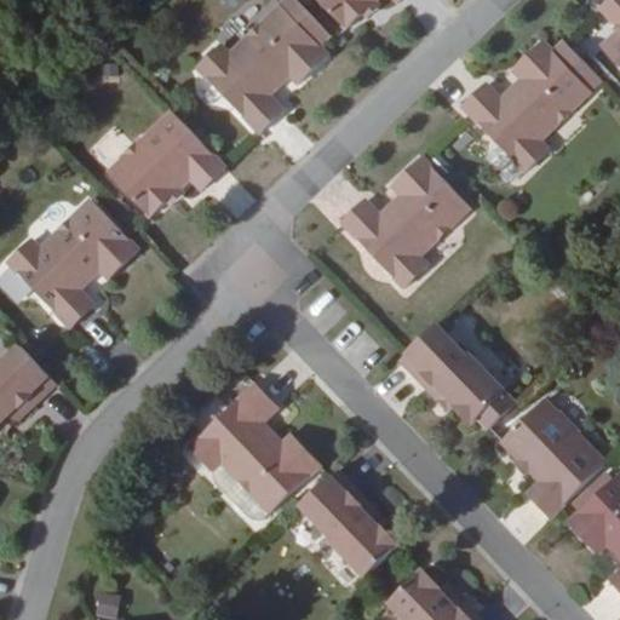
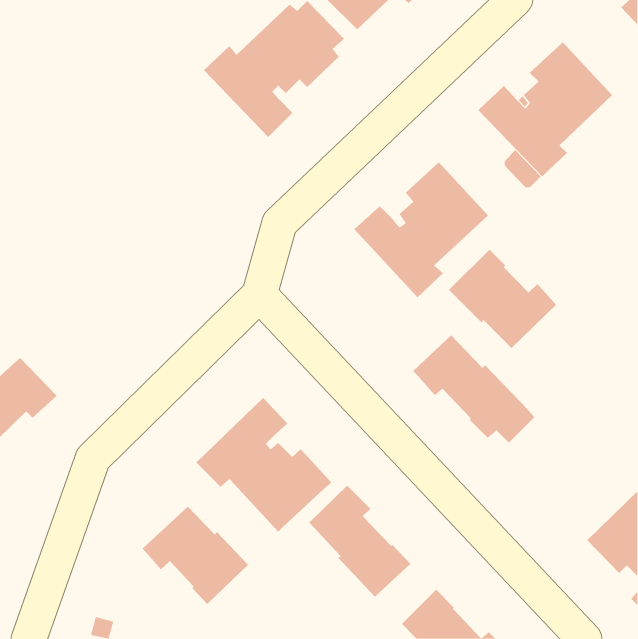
building: [105,110,225,217] -> none
building: [6,199,139,328] -> none
building: none -> [448,249,557,349]
building: [500,398,607,516] -> none
building: none -> [142,506,249,605]

